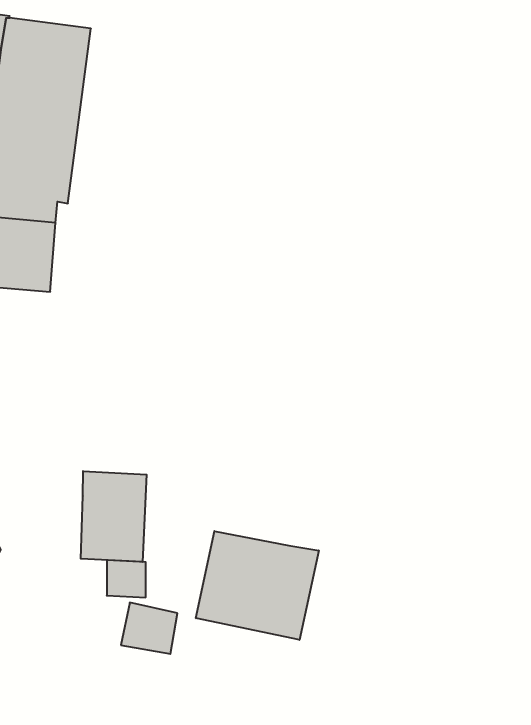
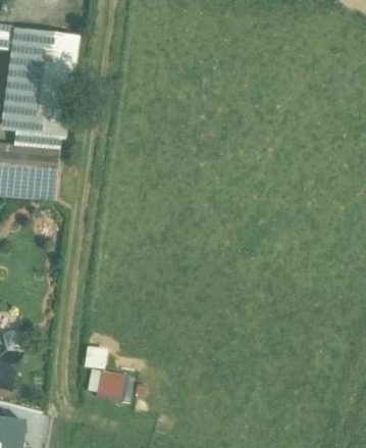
building: [81,471,147,562] -> none
building: [196,531,319,640] -> none

